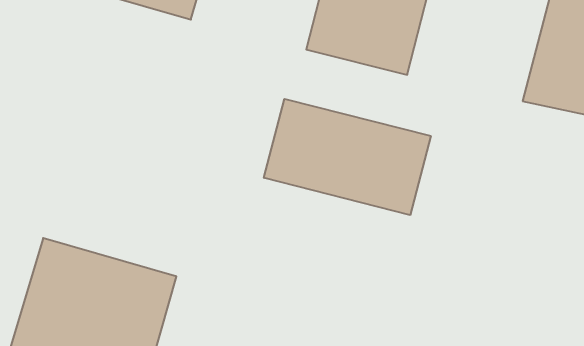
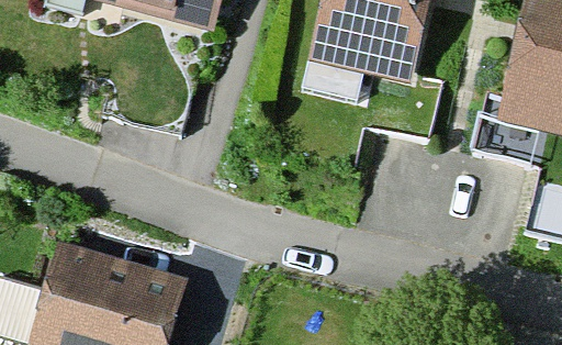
building: [264,99,431,215] -> none

